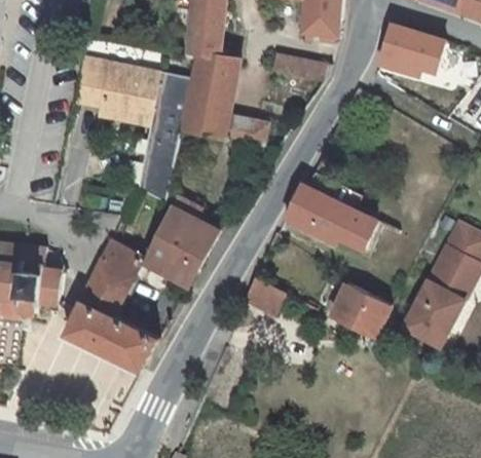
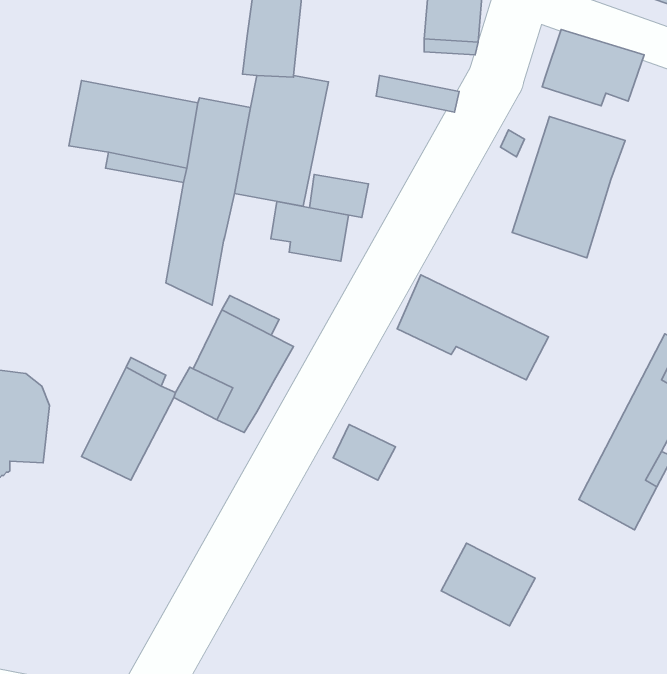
building: none -> [512,116,625,258]
building: none -> [271,202,348,261]
building: [329,285,390,339] -> [441,543,535,626]
building: [65,301,156,369] -> none

